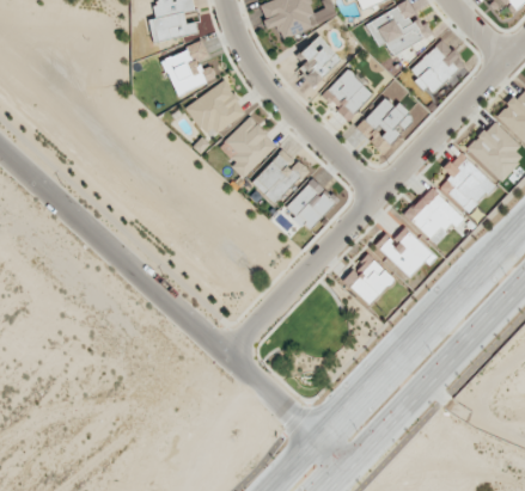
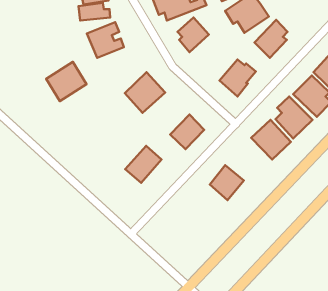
building: [322,69,373,119] -> none
building: [187,80,246,139] -> [46,62,86,101]
building: [251,148,305,203] -> [125,146,162,183]
building: [376,227,434,280] -> none

